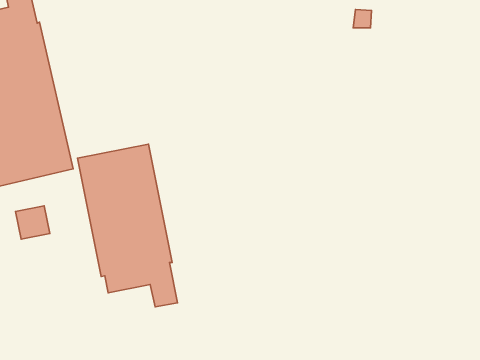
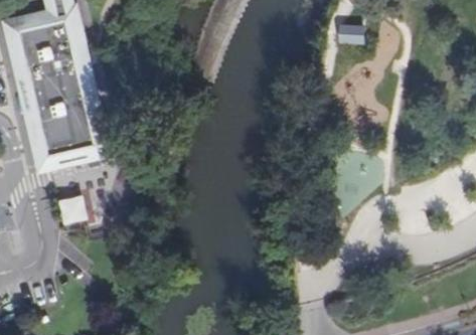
building: [78,144,177,307] -> none

